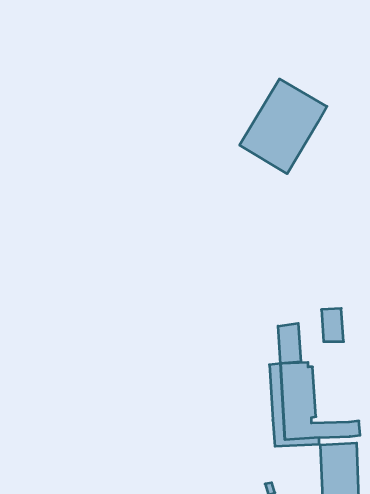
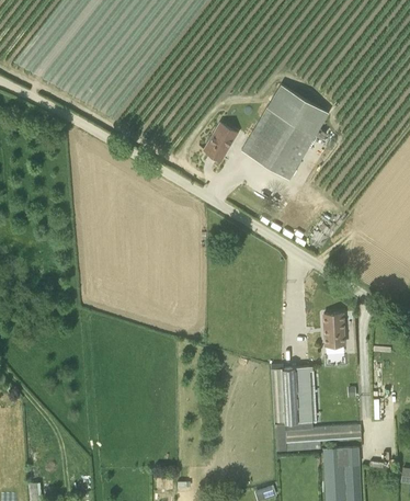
building: none -> [206,124,239,159]
building: [278,323,301,364] -> none

